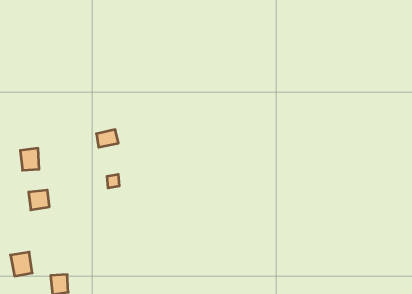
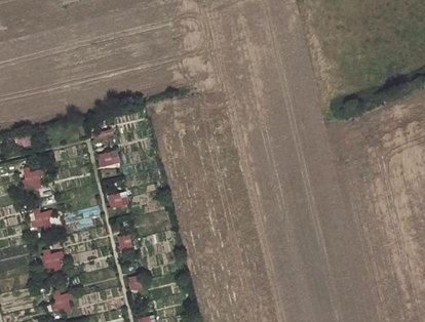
building: [10,252,32,276] -> [40,248,62,272]

